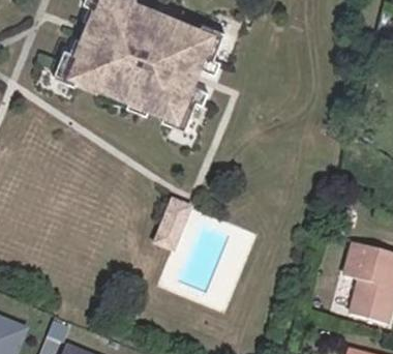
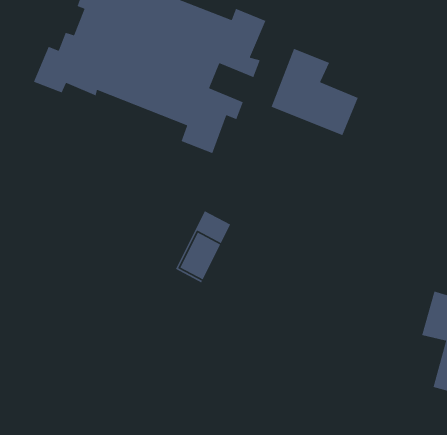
building: none -> [271,48,359,136]

